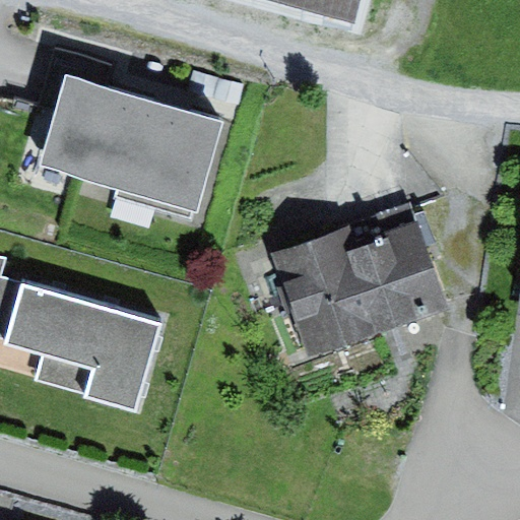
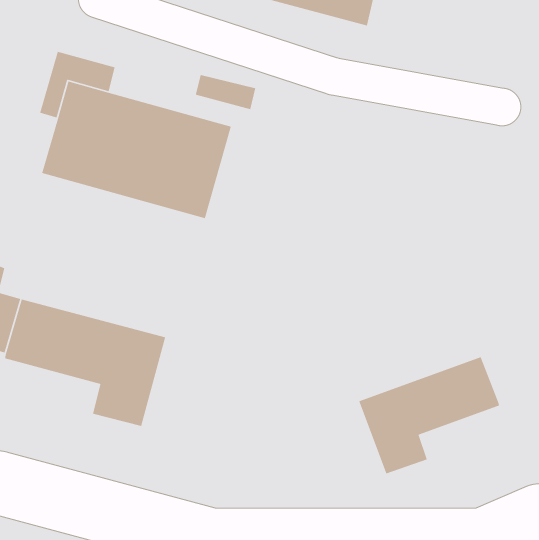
building: [269,204,447,360] -> none
building: none -> [358,356,500,475]

